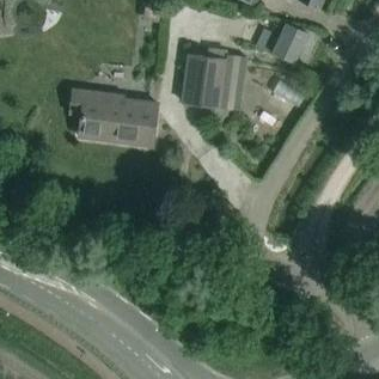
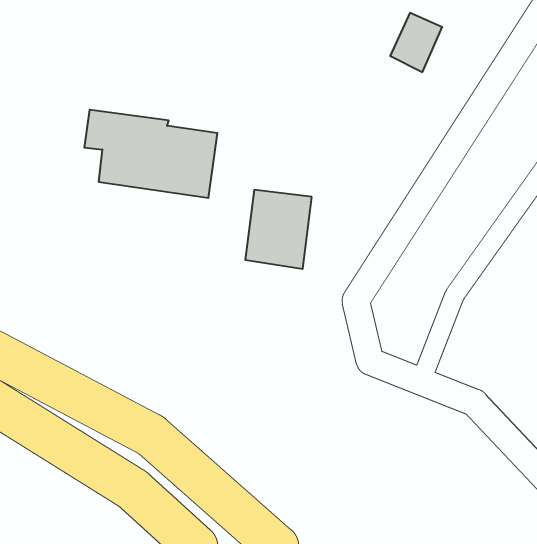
building: [182,55,226,108] -> [245,190,312,269]

